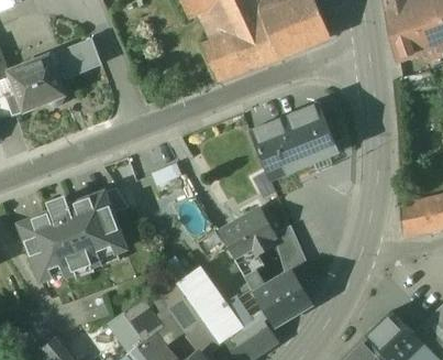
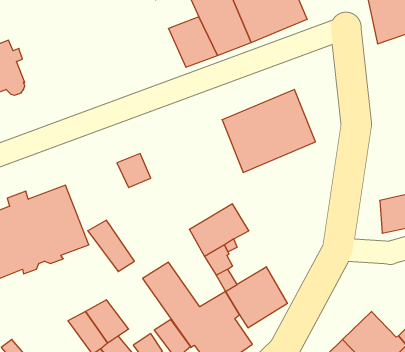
building: [56,39,102,77] -> none
building: [276,227,306,271] -> none
building: [158,280,202,328] -> [88,220,134,272]

